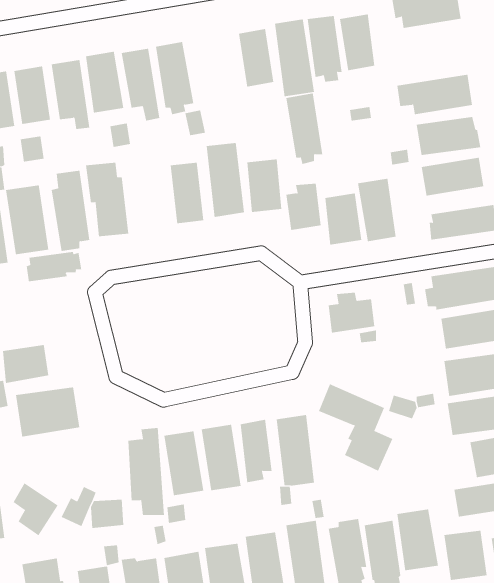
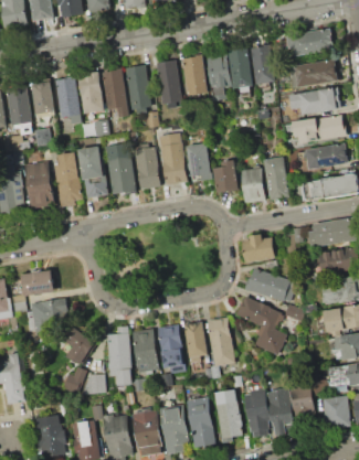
building: none -> [289,61,338,88]
building: [286,93,323,165] -> [157,61,182,109]
building: none -> [108,153,135,194]
building: [26,251,82,282] -> none
building: none -> [244,269,294,303]
building: [13,483,58,536] -> [64,328,95,364]

